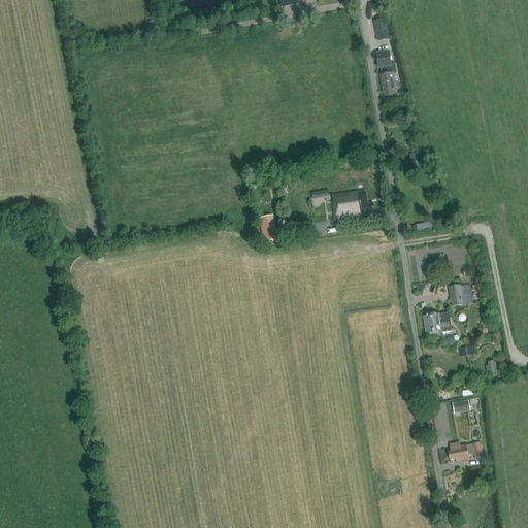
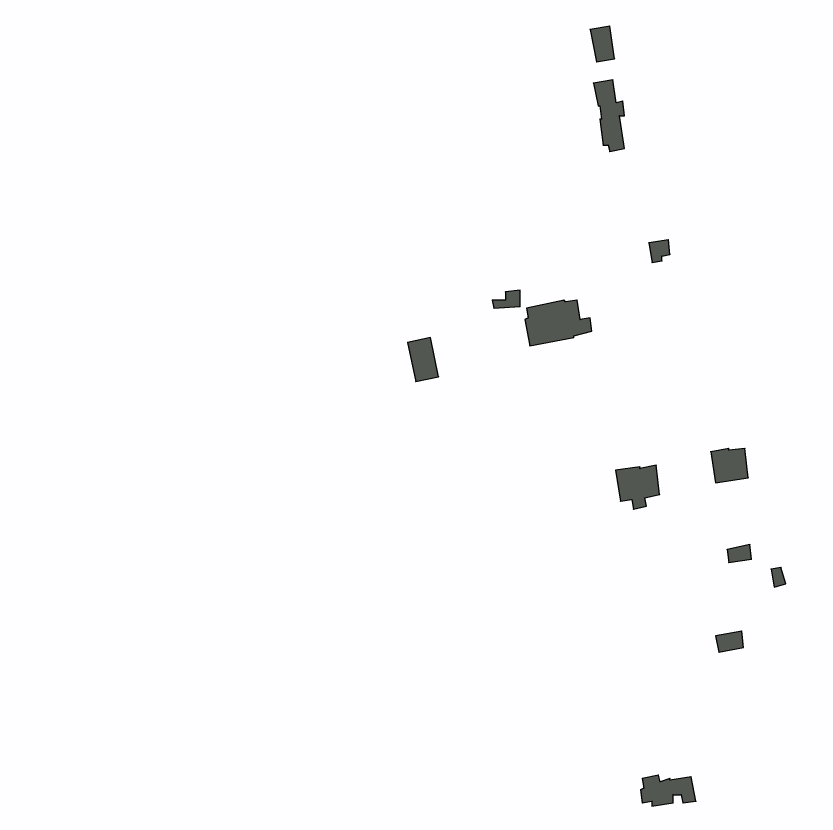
building: [424,310,452,338] -> [616,465,660,509]
building: [448,441,483,461] -> [641,775,696,806]

